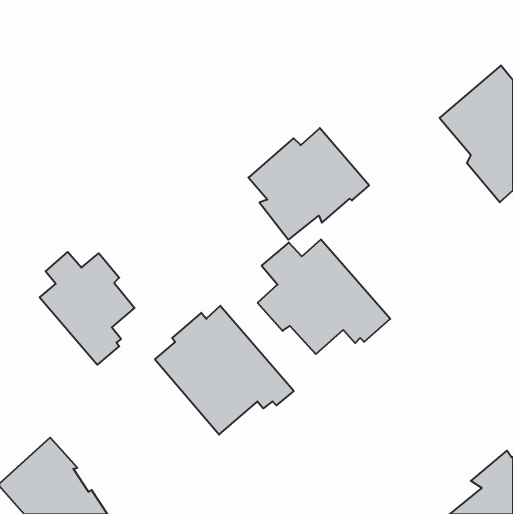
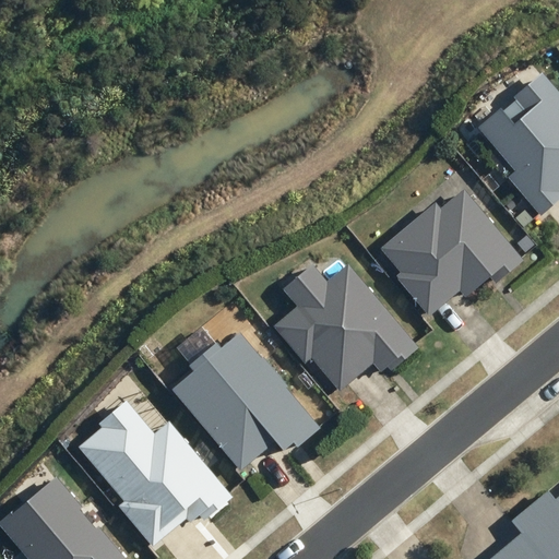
building: [248,128,369,240] -> [385,198,516,319]
building: [40,252,135,365] -> none
building: none -> [75,401,234,548]

